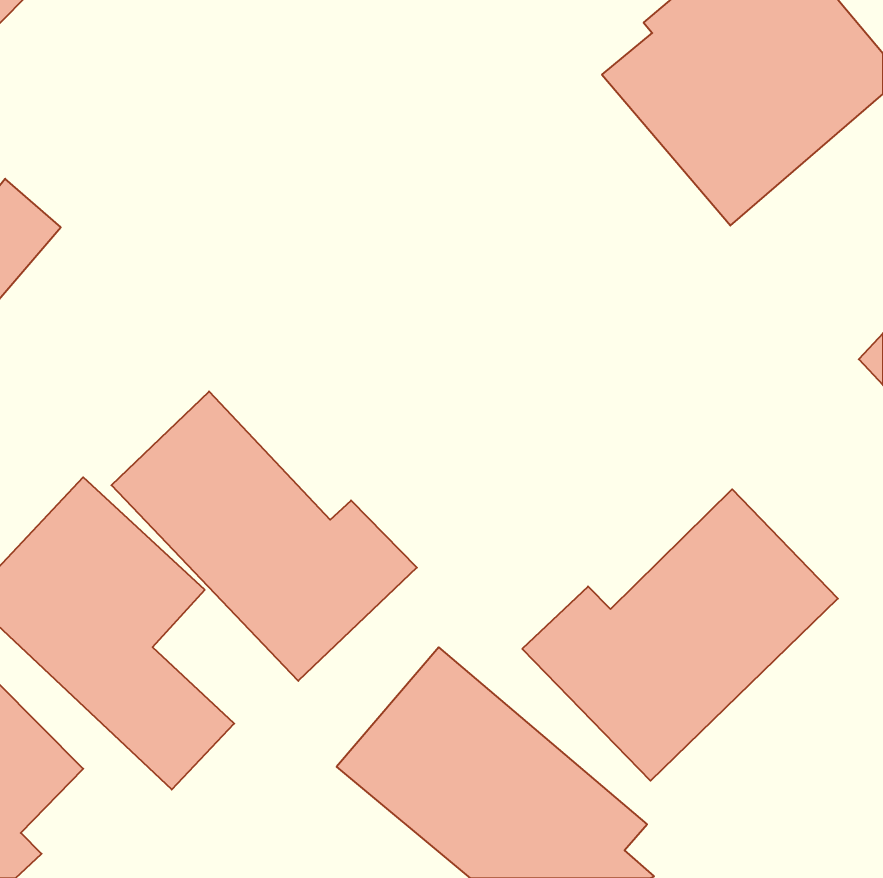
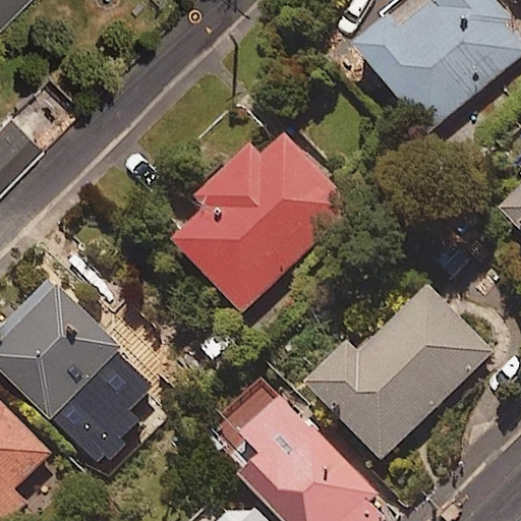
building: none -> [174,132,353,310]
building: [111,391,417,681] -> none

